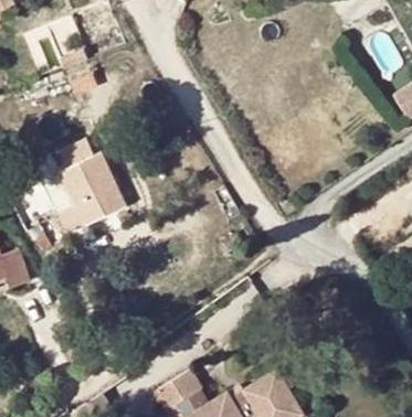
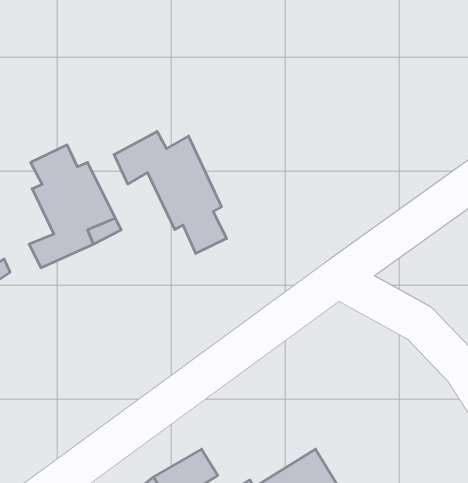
building: none -> [114,131,227,254]

